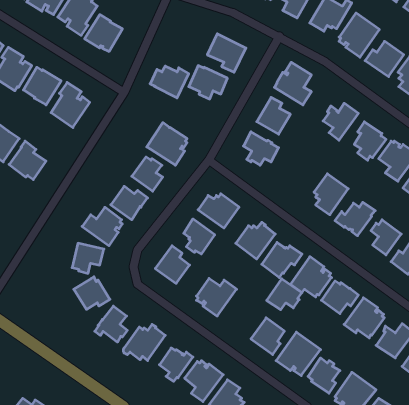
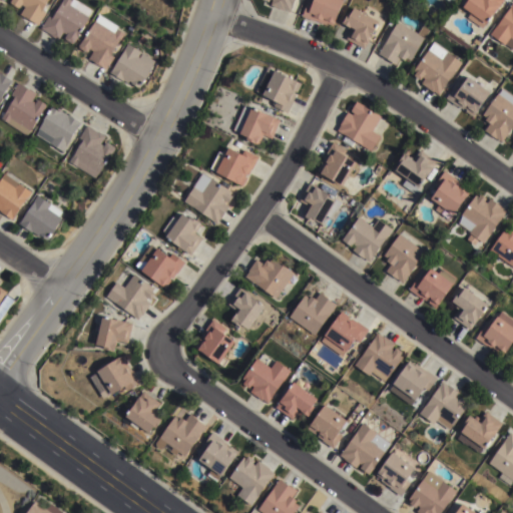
building: [150,66,189,98] -> [210,147,256,185]
building: none -> [342,216,392,262]
building: [267,279,302,310] -> [276,383,318,420]

